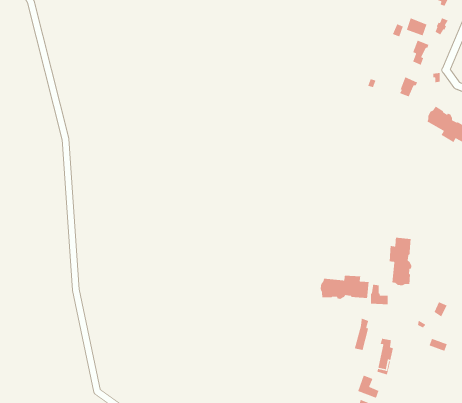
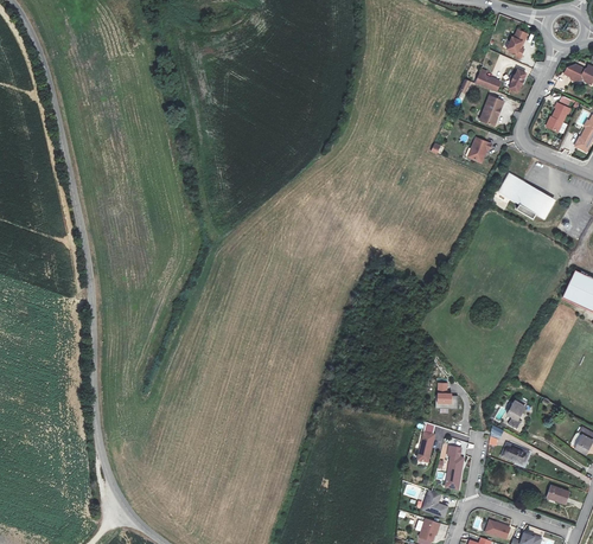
building: [389,237,412,286] -> none
building: [320,275,369,300] -> none

